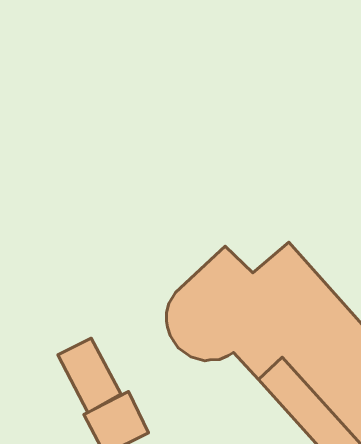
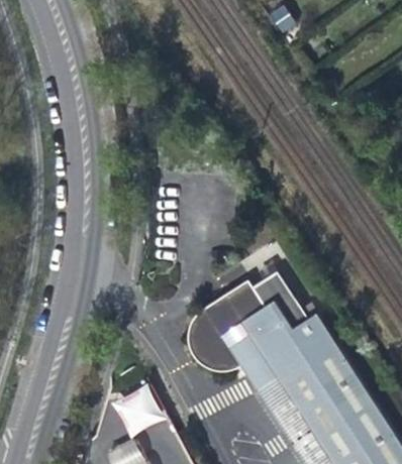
building: [58,338,121,413] -> none

